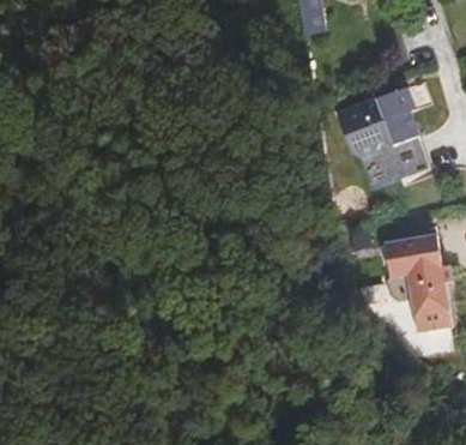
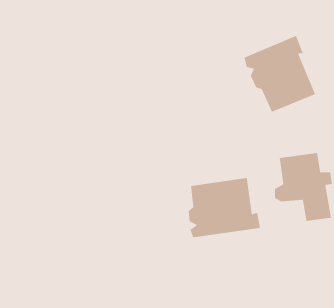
building: none -> [188,177,261,238]

